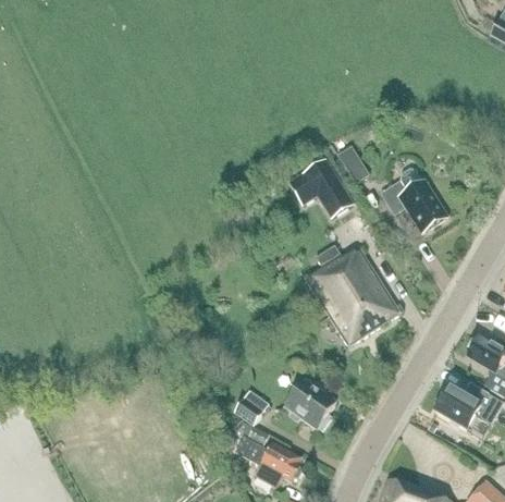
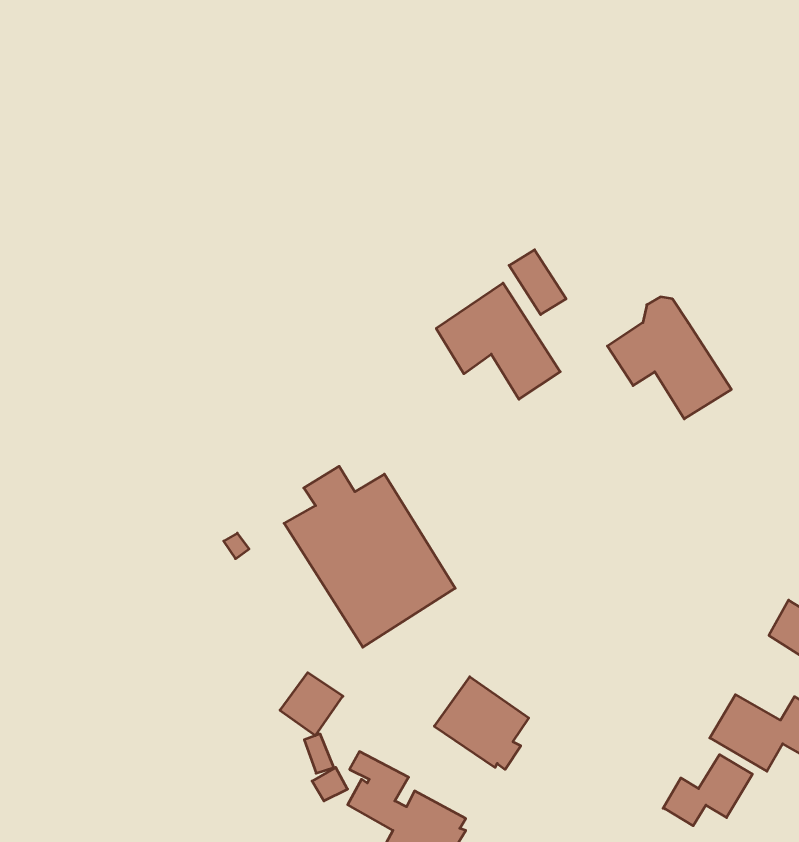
building: [305,245,399,345] -> [284,466,455,647]
building: [234,391,269,426] -> [280,673,343,736]
building: none -> [663,755,752,826]

